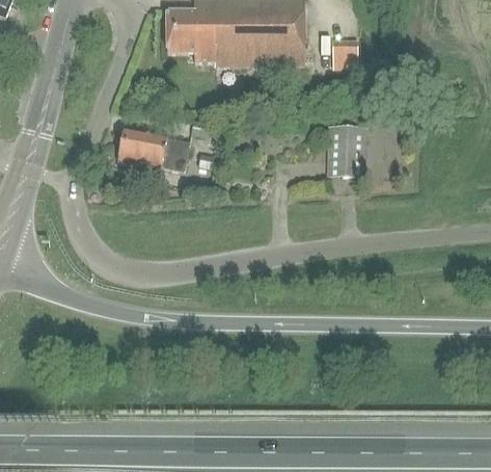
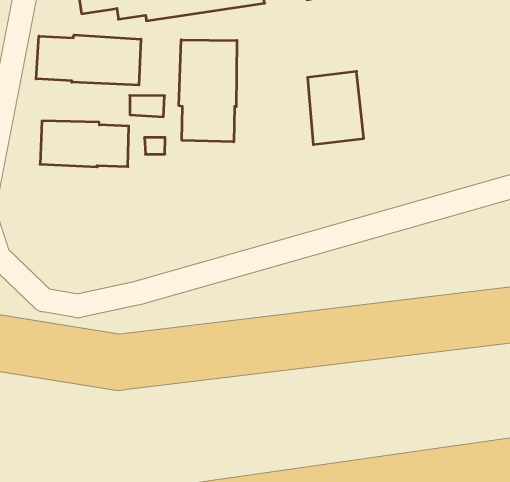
building: none -> [36,35,141,85]
building: none -> [179,40,237,142]

